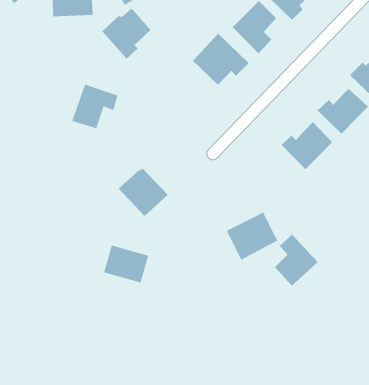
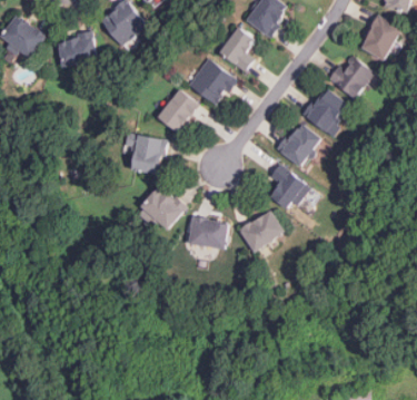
building: [101,8,152,59] -> [153,88,197,134]
building: [71,84,119,129] -> [131,135,169,173]
building: [274,234,319,286] -> [268,164,306,209]
building: [103,244,149,284] -> [189,217,227,247]

